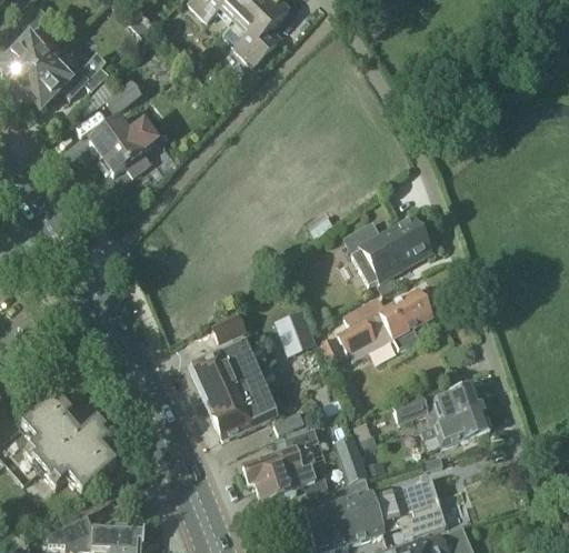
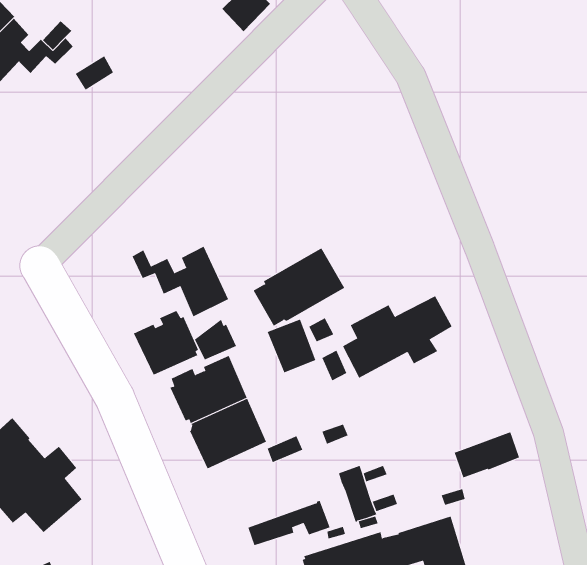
building: [89,118,157,173] -> none
building: [352,215,431,283] -> [253,248,345,327]
building: none -> [132,246,229,317]
building: none -> [133,310,199,376]
building: [392,383,482,422] -> none
building: [243,430,319,487] -> none

